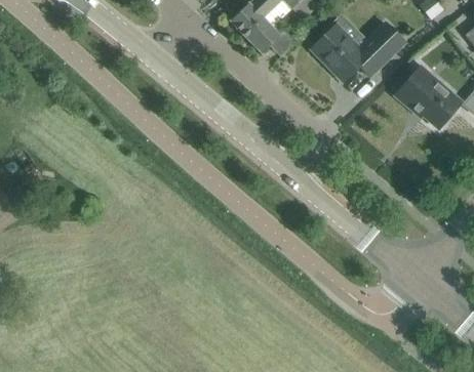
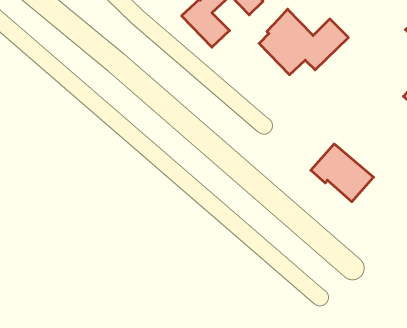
building: [396,68,462,128] -> [311,144,374,202]

